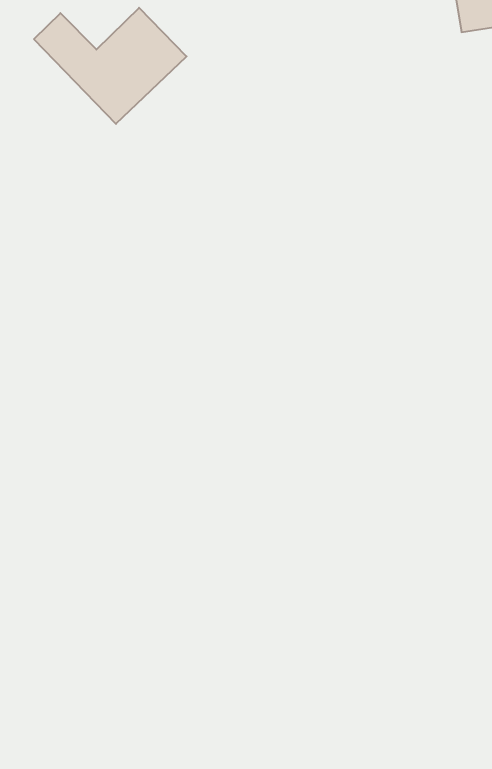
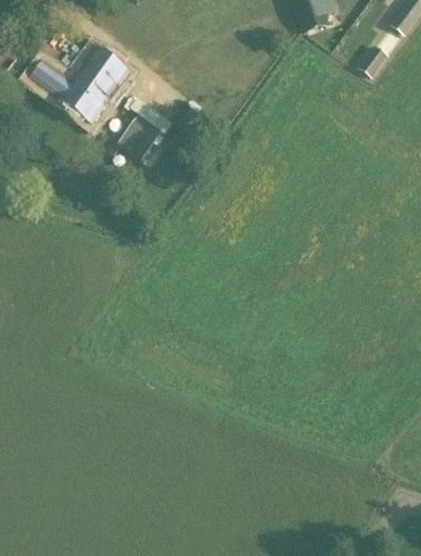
building: none -> [118,113,173,166]

